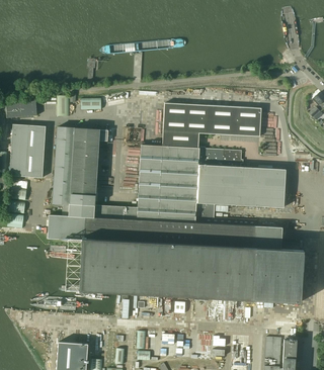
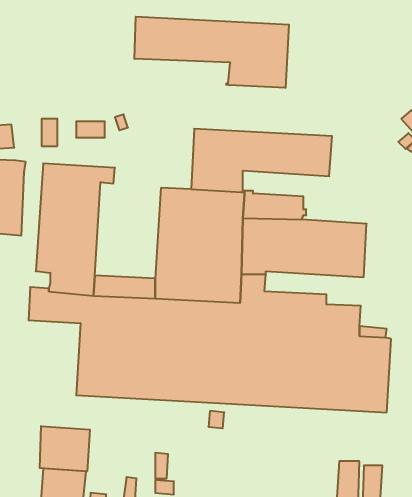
building: none -> [134,17,289,88]
building: none -> [40,426,90,471]

